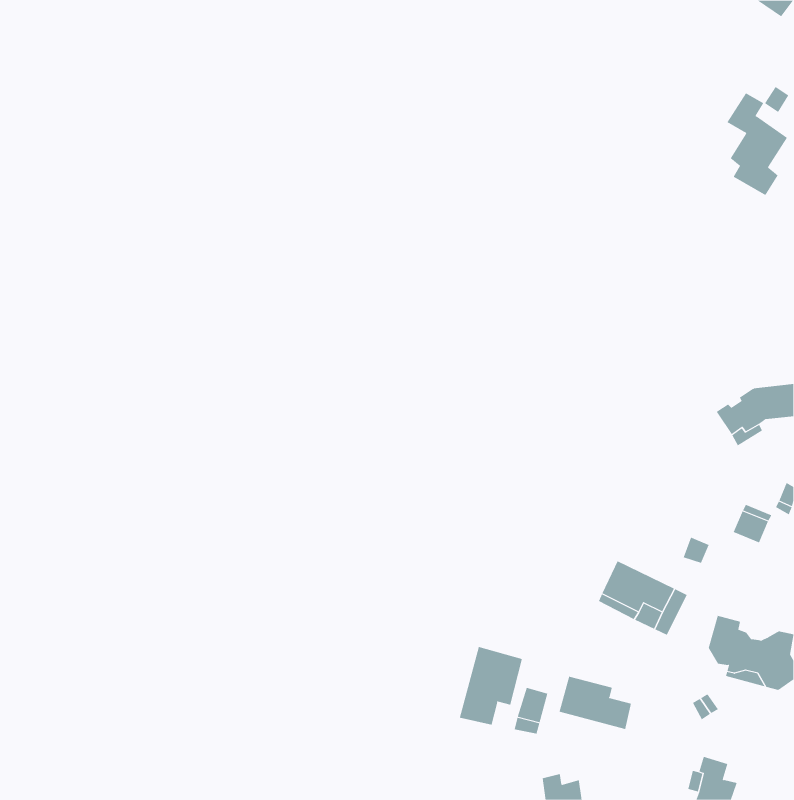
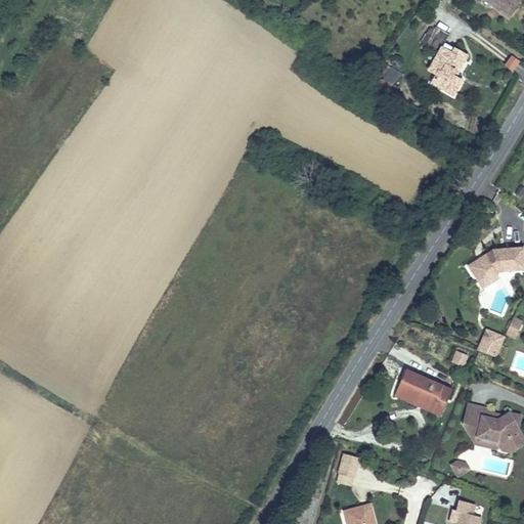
building: [727,92,788,196] -> [430,21,470,89]
building: [459,646,522,726] -> none
building: [559,676,632,730] -> none

